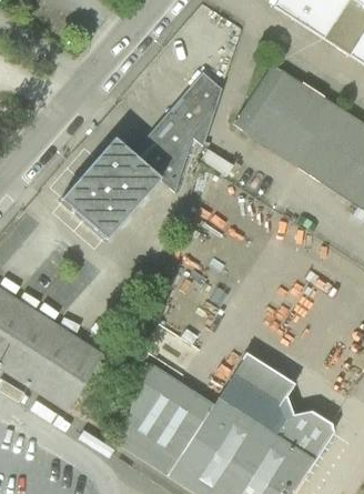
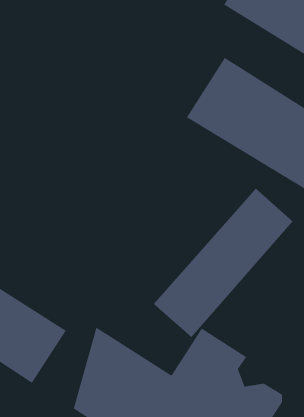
building: [62,73,222,240] -> none
building: none -> [153,188,294,338]

